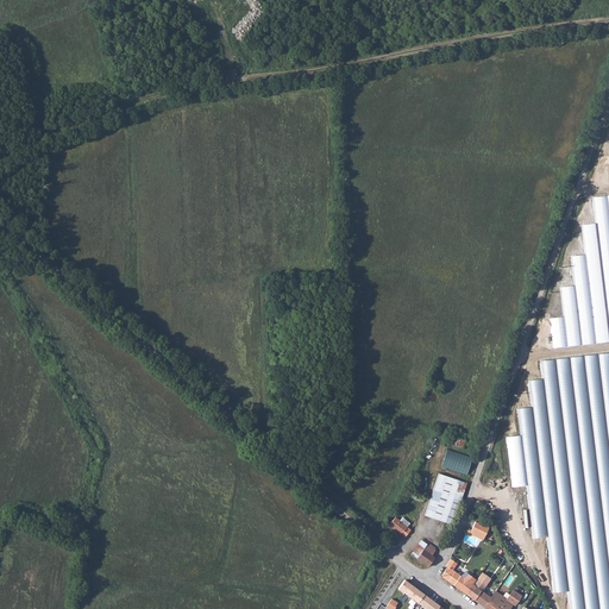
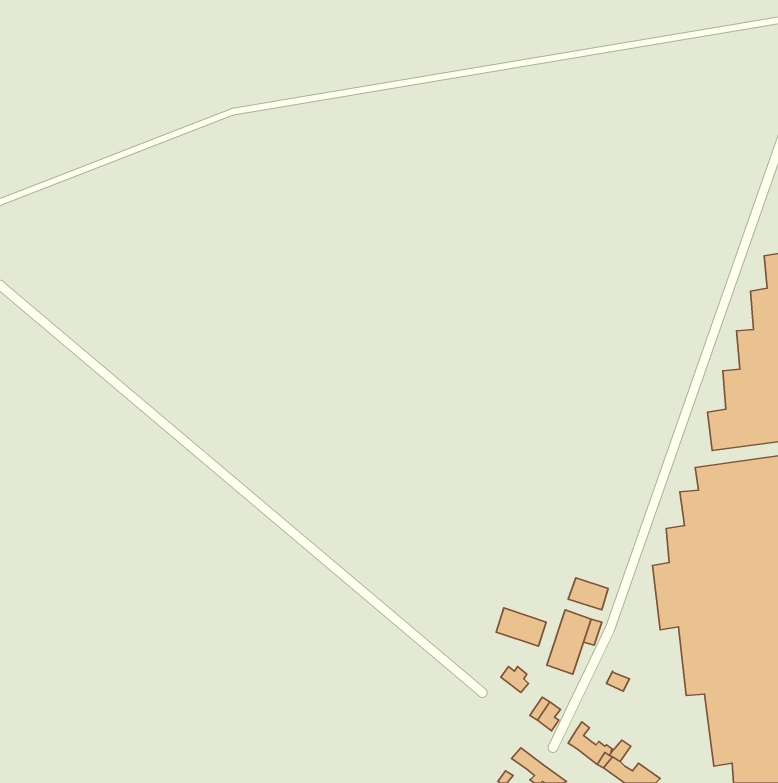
building: none -> [496,608,546,646]

